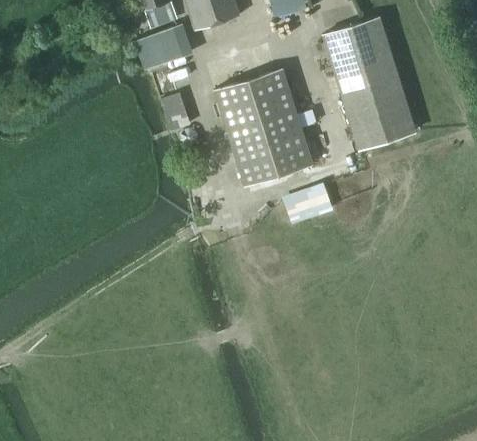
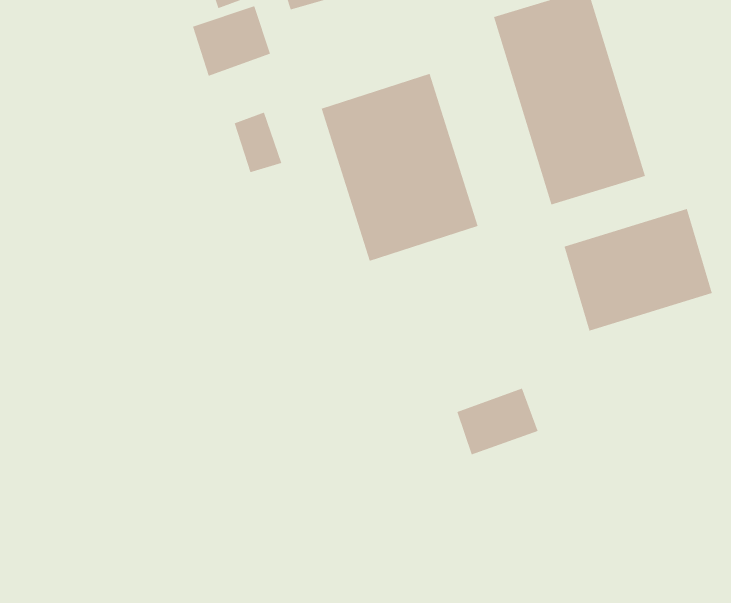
building: none -> [564,208,713,331]
building: [283,182,334,224] -> [457,388,539,455]

